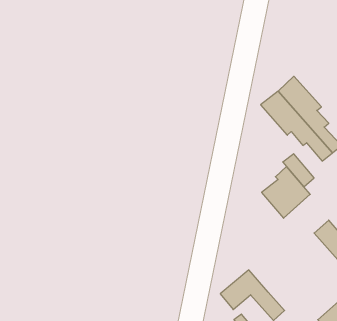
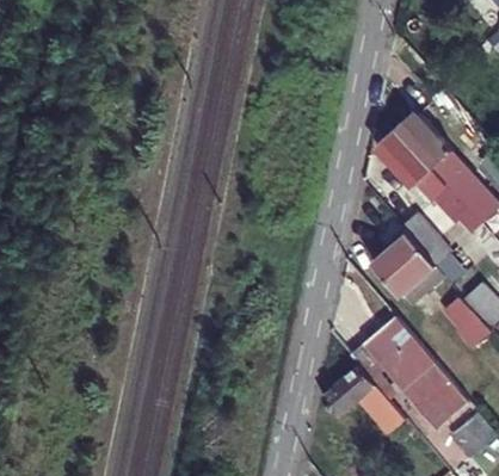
building: none -> [350,314,450,415]

